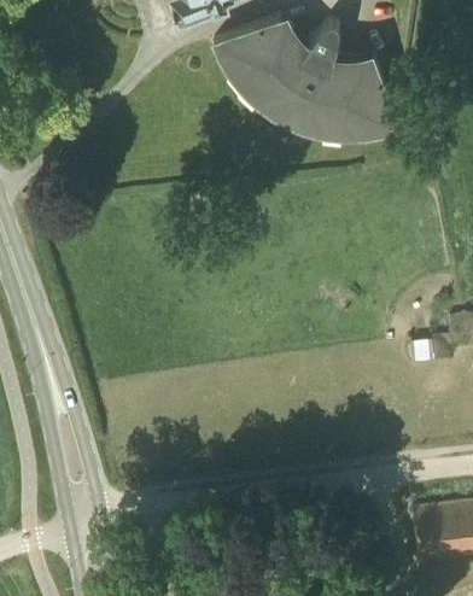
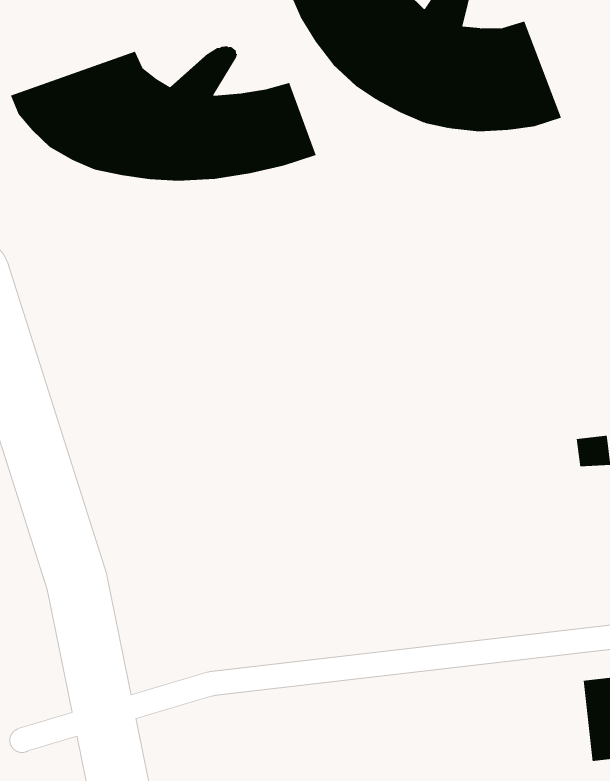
building: none -> [10,46,316,182]

